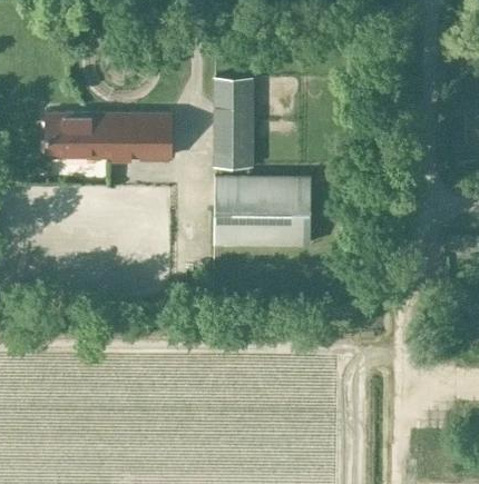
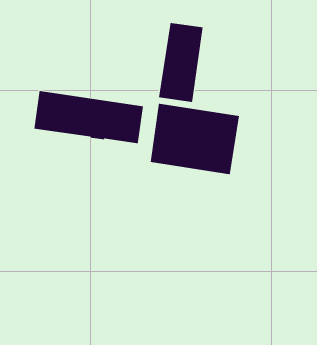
building: [47,113,172,160] -> [33,90,144,144]

